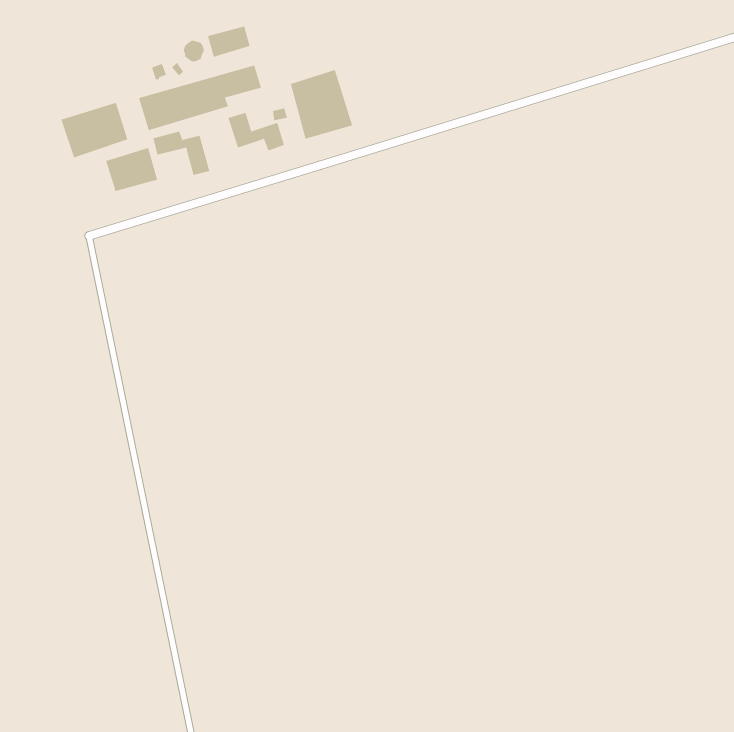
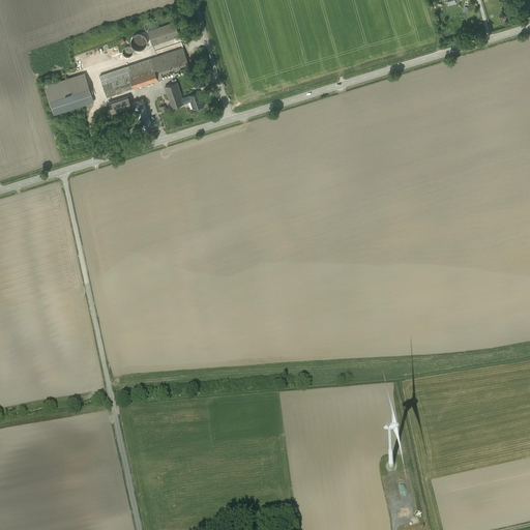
building: [290,69,353,140] -> none
building: [106,147,158,192] -> none

